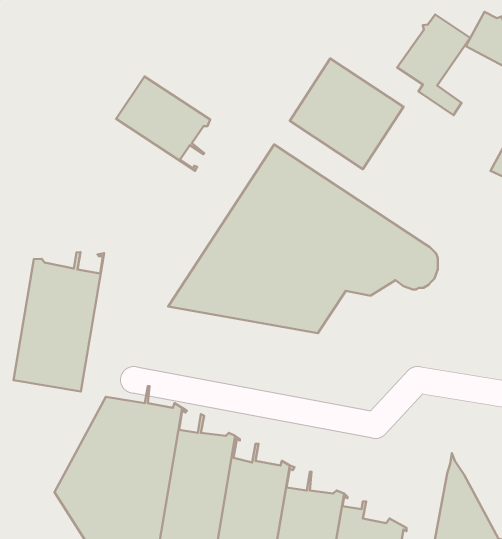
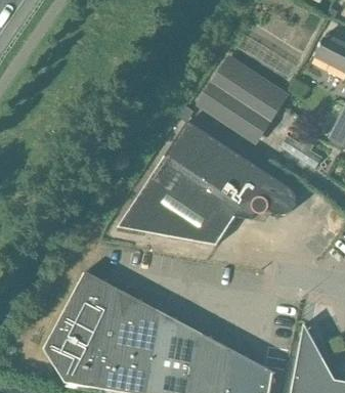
building: [397,14,470,115] -> none
building: [116,76,210,171] -> none
building: [13,252,104,392] -> none

